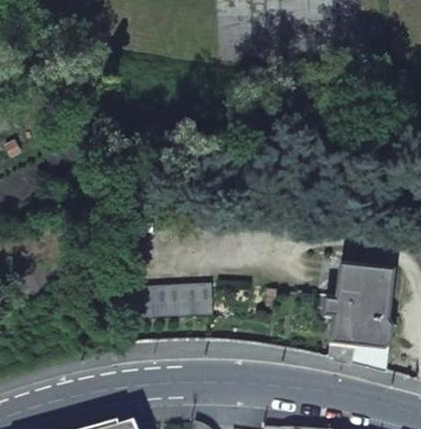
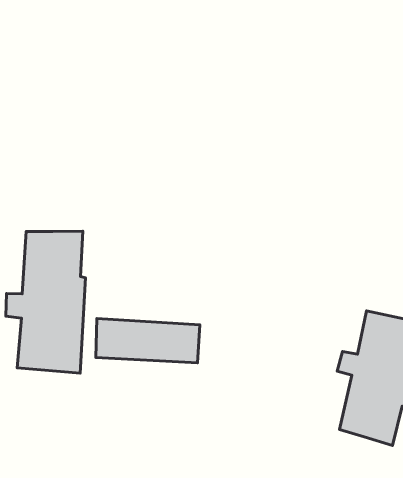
building: none -> [6,231,86,373]

